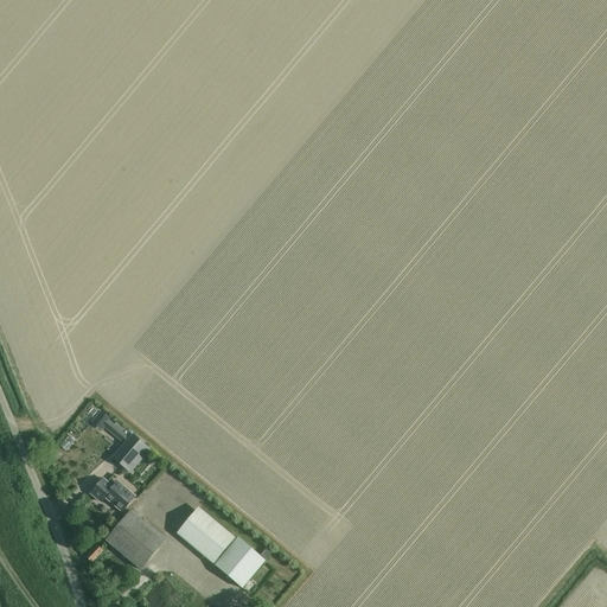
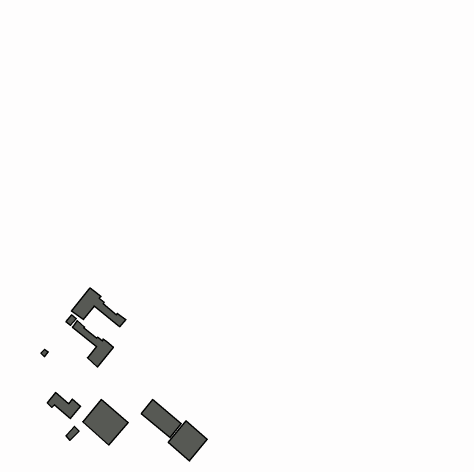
building: none -> [71,288,126,327]
building: [90,477,133,510] -> [47,393,81,419]

